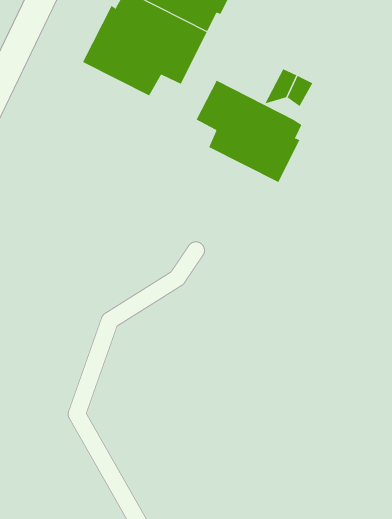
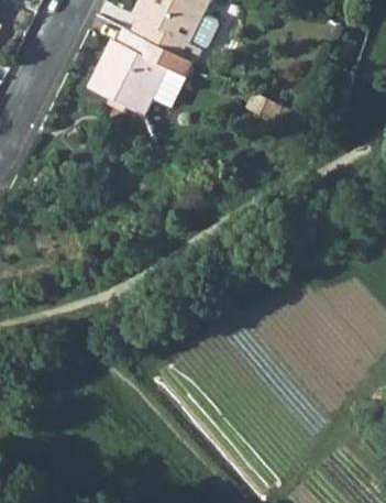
building: [196,80,302,183] -> none

